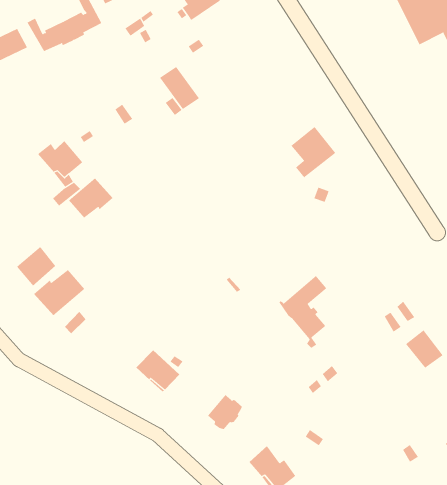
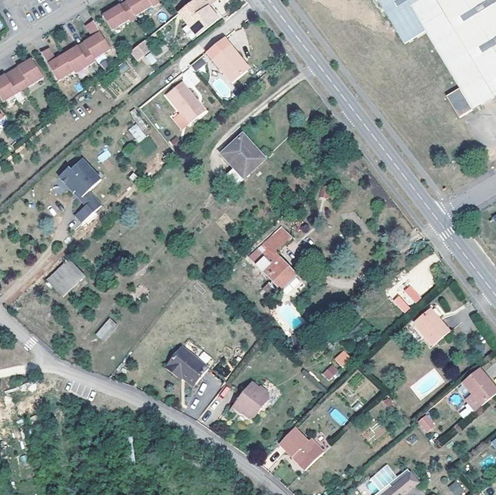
building: none -> [207,36,247,81]
building: [290,126,336,178] -> [221,133,264,182]
building: [68,177,113,219] -> none
building: [33,269,85,316] -> none
building: [278,275,327,348] -> [247,226,293,294]

